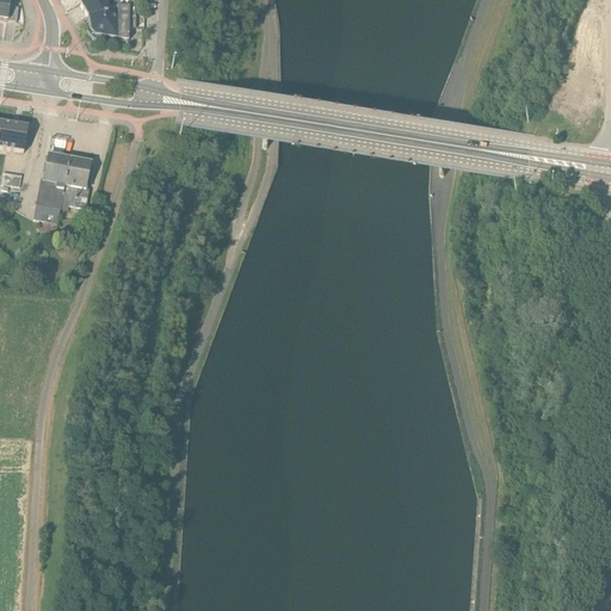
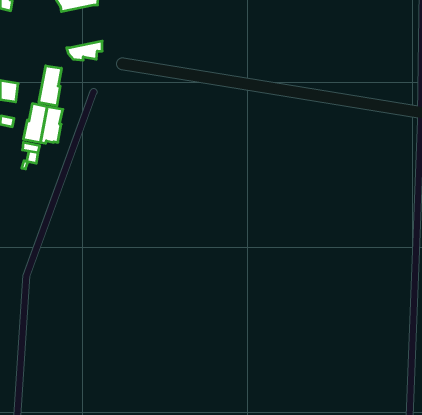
building: [85,7,136,35] -> [67,41,102,60]
building: none -> [39,66,61,106]

